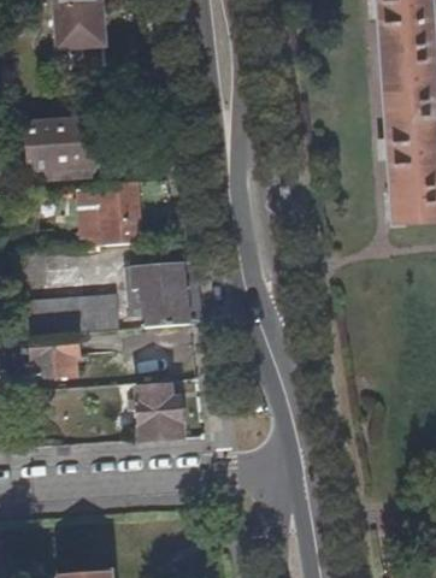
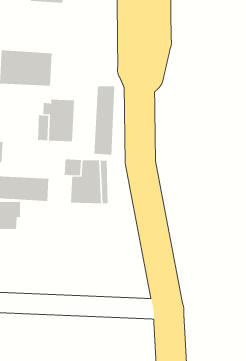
building: none -> [94,85,115,155]
building: [135,387,178,441] -> none

